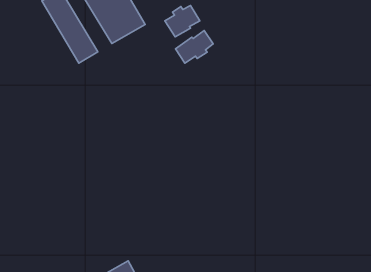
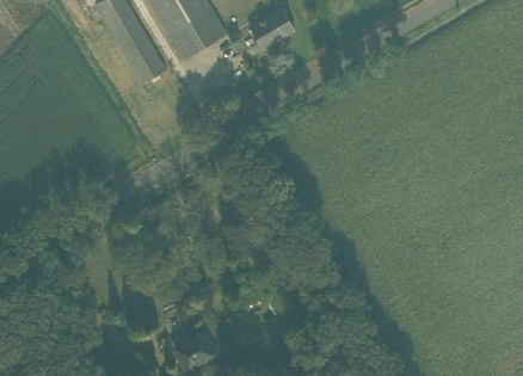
building: [176,31,213,63] -> none

